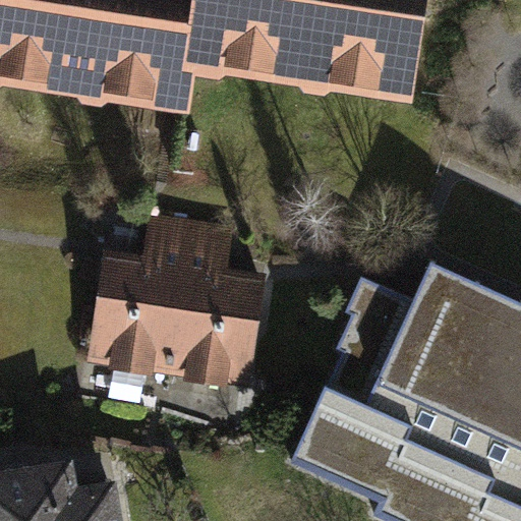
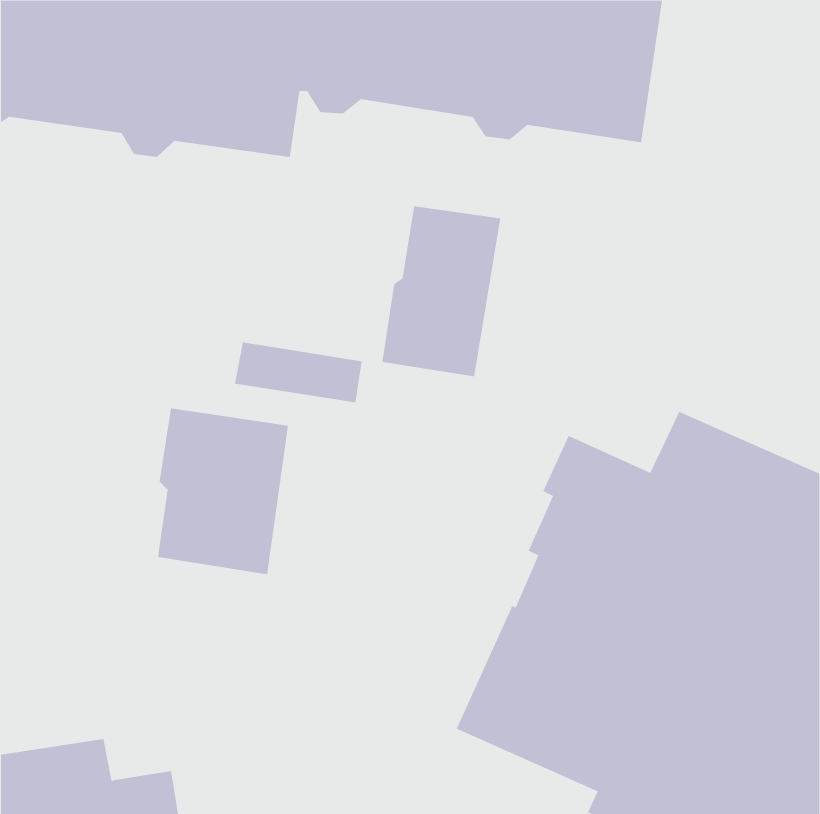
building: none -> [382,205,501,377]
building: [170,274,260,379] -> none

